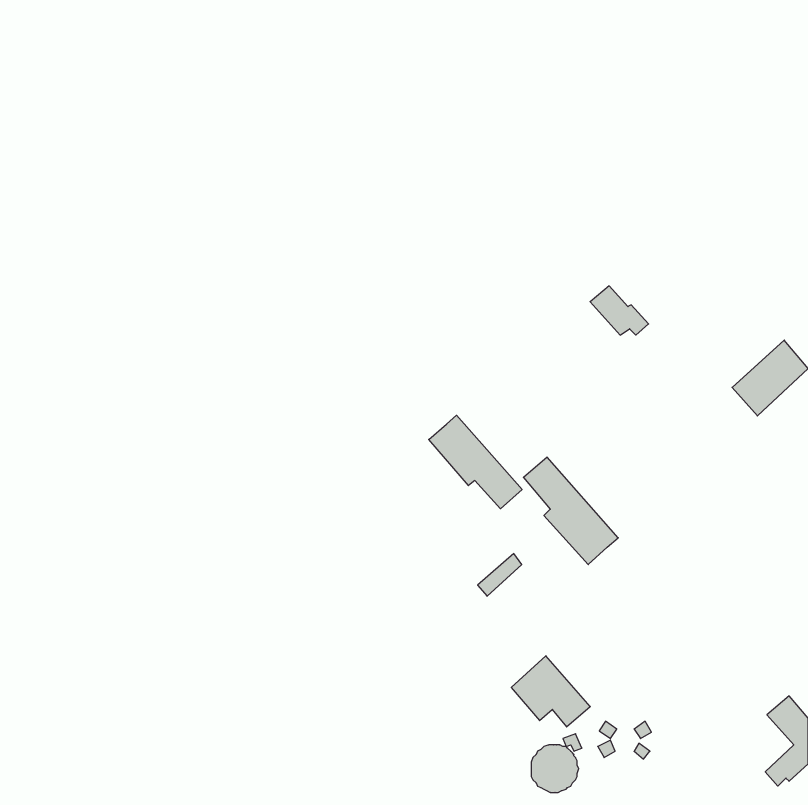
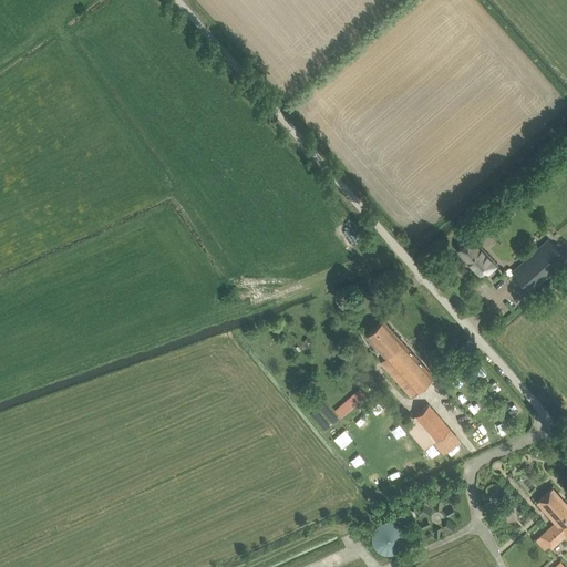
building: [590,286,649,335] -> [457,241,498,276]
building: [429,415,522,509] -> none
building: [511,656,590,727] -> [404,406,460,456]

